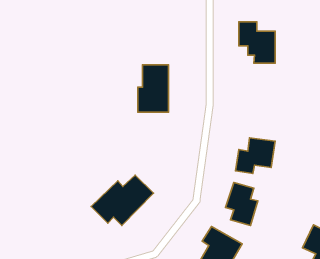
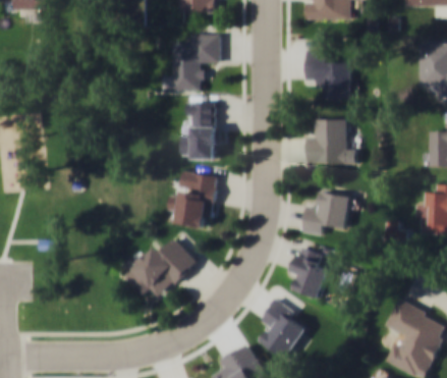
building: none -> [172,33,219,90]
building: none -> [305,118,355,164]
building: none -> [168,170,218,228]

